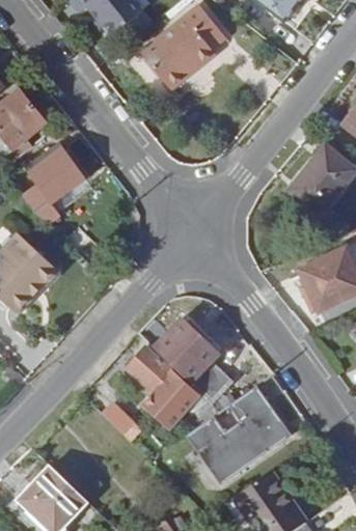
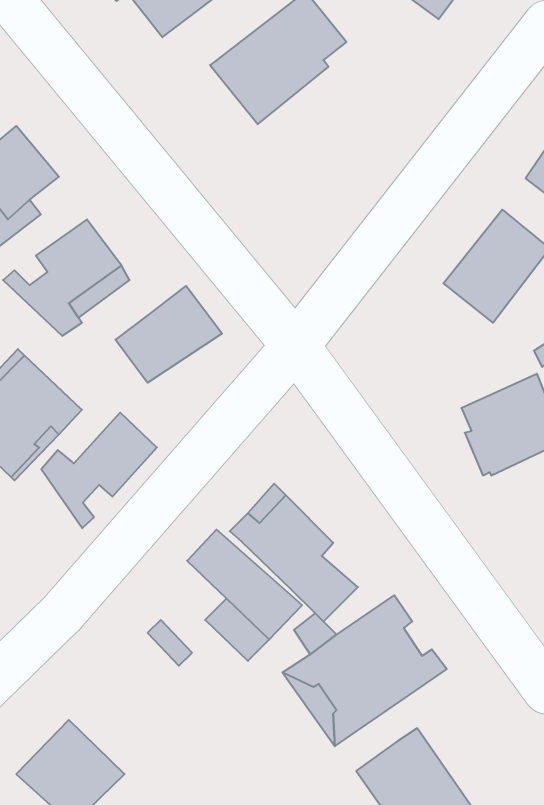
building: none -> [115,286,222,383]
building: none -> [41,413,157,528]

